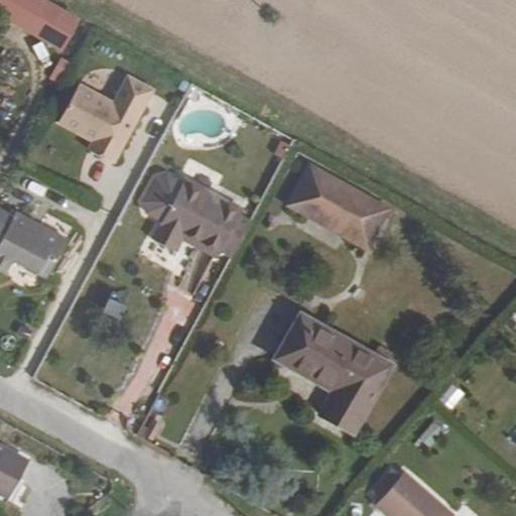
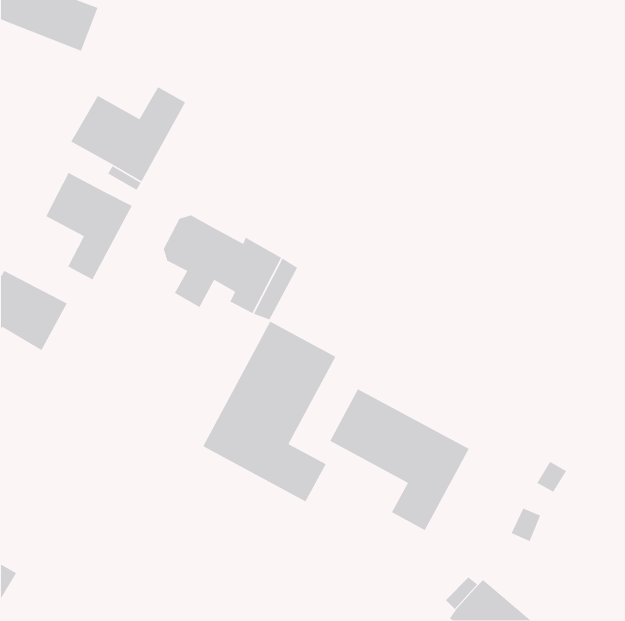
building: none -> [45,172,133,280]
building: [289,154,395,244] -> none
building: none -> [202,320,337,502]

